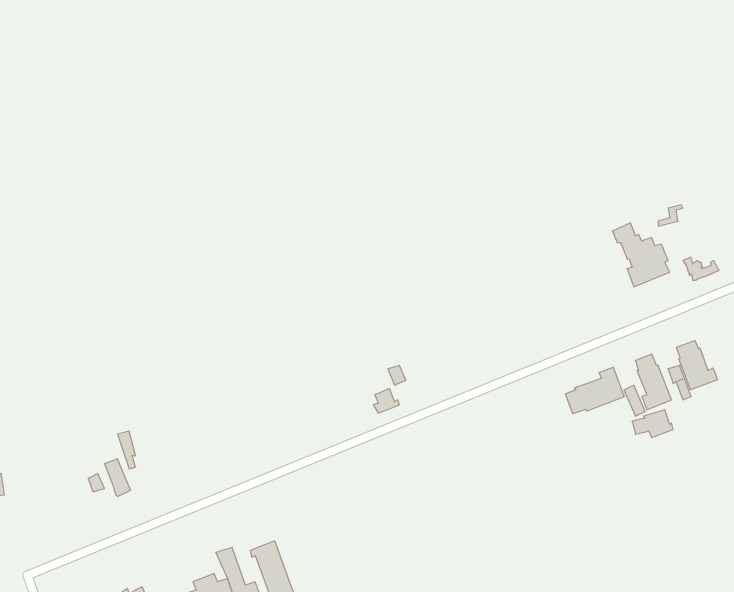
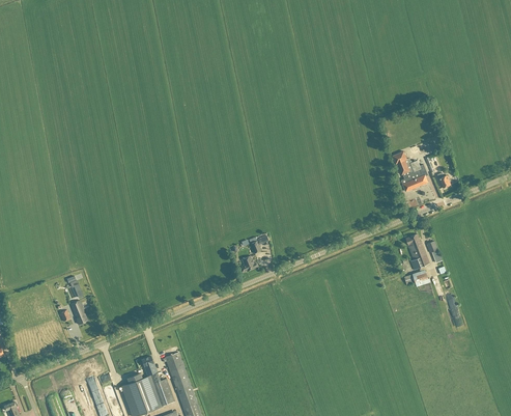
building: [677,340,718,390] -> none
building: [566,367,624,414] -> none

